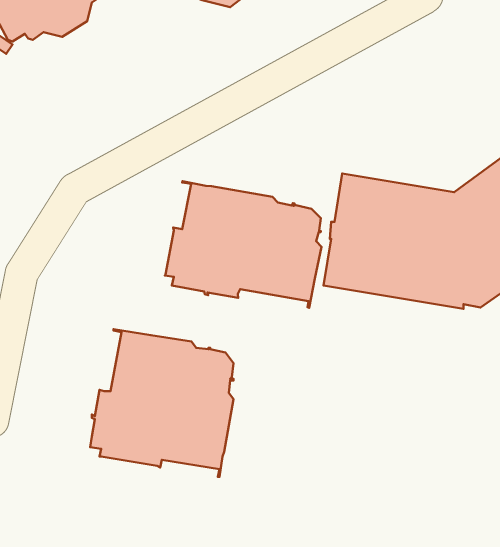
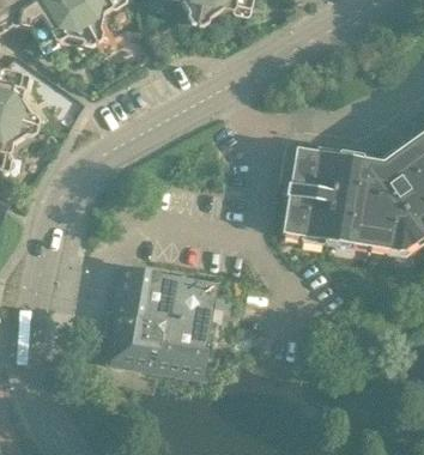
building: [165,181,322,308] -> none

